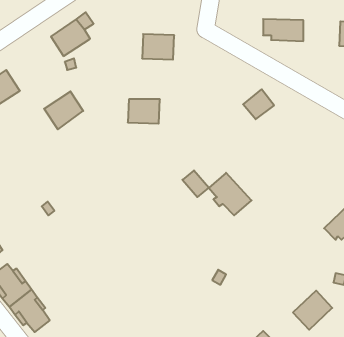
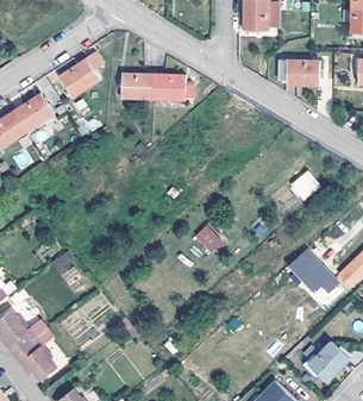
building: [243,89,274,119] -> [287,171,319,202]
building: [44,91,83,129] -> [12,94,52,133]
building: [128,99,160,124] -> [120,75,154,100]
building: [209,173,252,215] -> [289,248,333,292]

